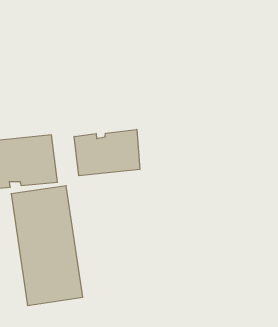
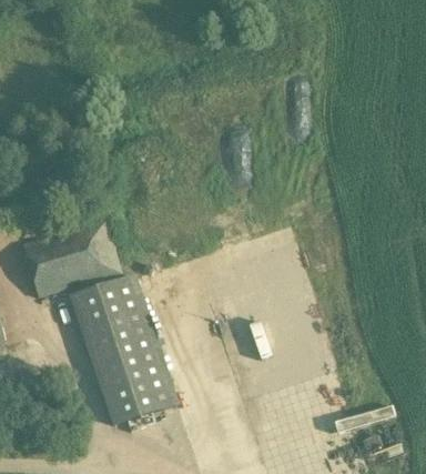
building: [74,129,140,176] -> none

